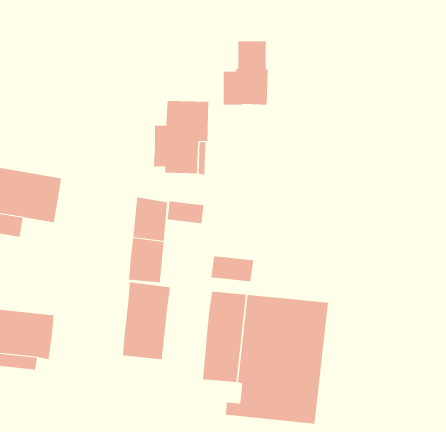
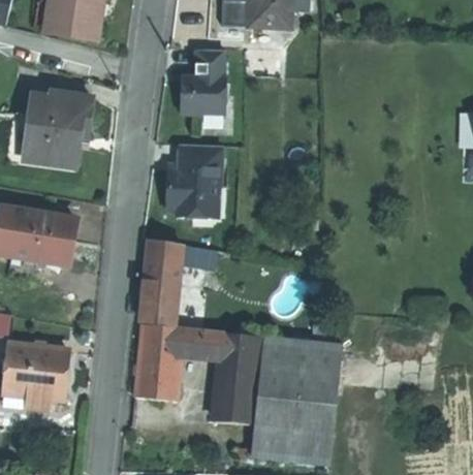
building: [223,41,269,105] -> [180,49,225,113]
building: none -> [25,94,92,163]
building: [210,256,254,282] -> [181,328,224,354]

